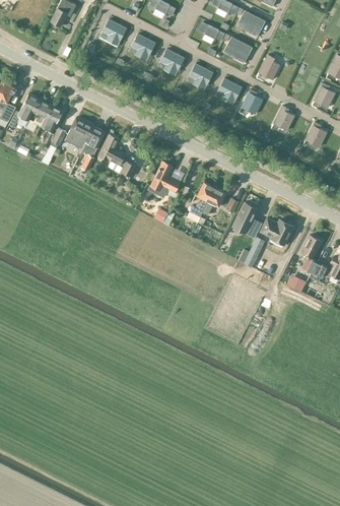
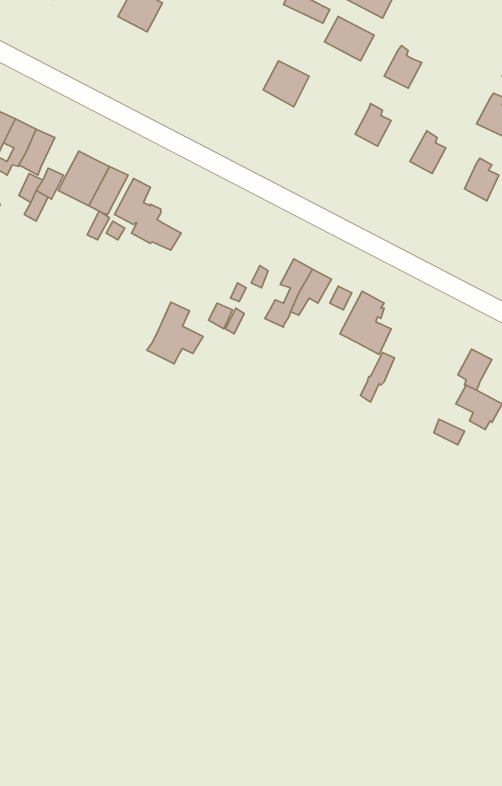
building: [128,34,155,60] -> none
building: [156,49,184,75] -> none
building: [214,78,242,105] -> none
building: [147,161,181,197] -> [147,302,203,364]
building: [262,218,292,244] -> none

